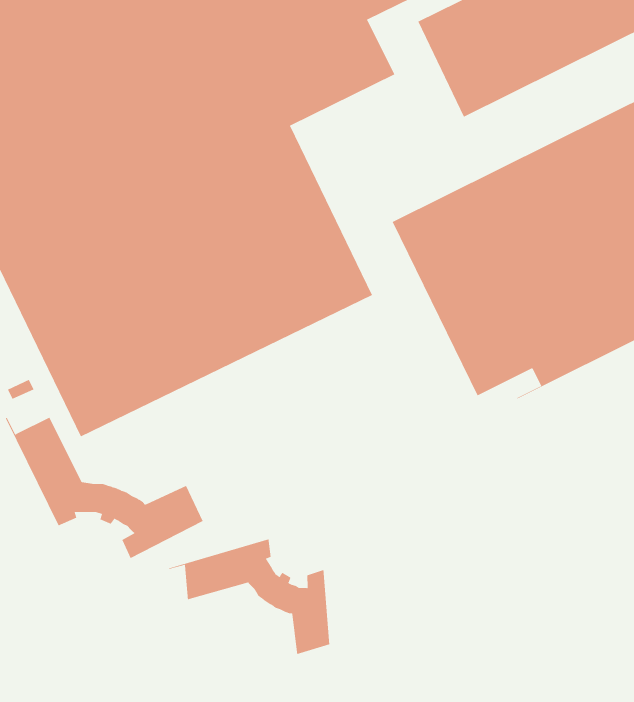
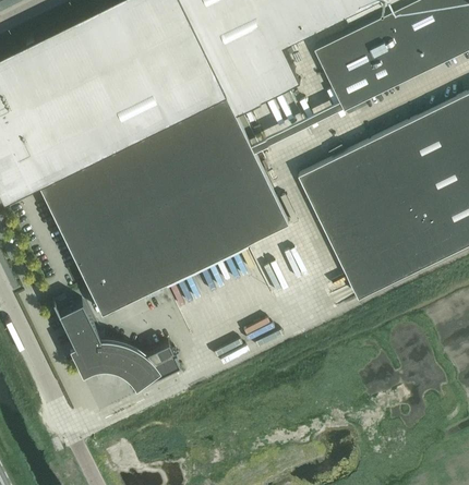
building: [169,538,330,655] -> none

